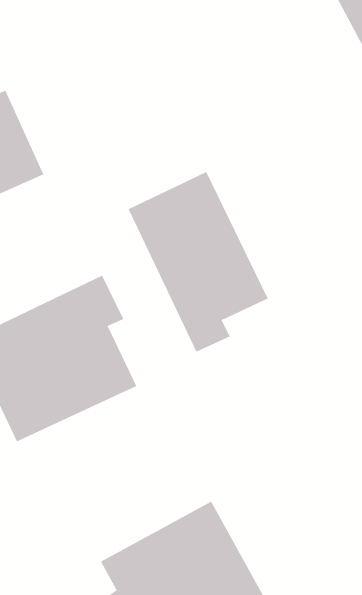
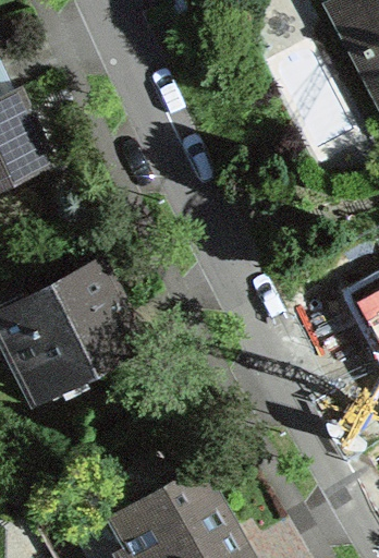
building: [128,171,268,353] -> none

